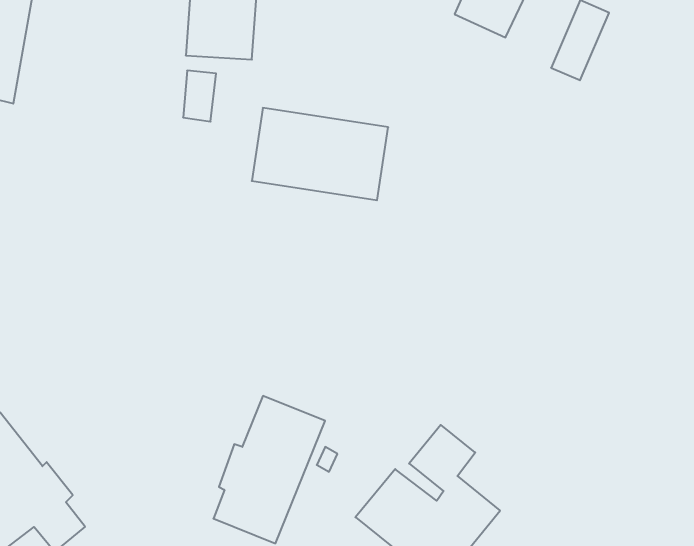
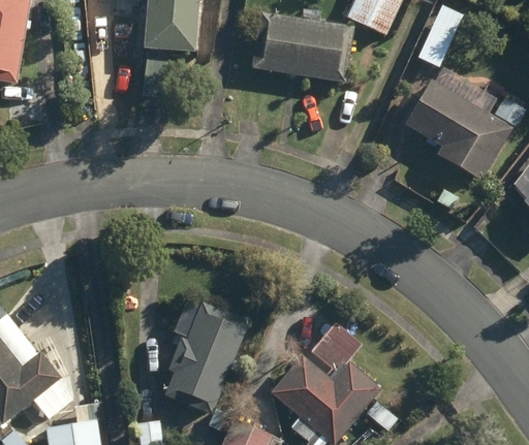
building: none -> [406,82,512,181]
building: [252,108,388,200] -> [251,13,353,83]

